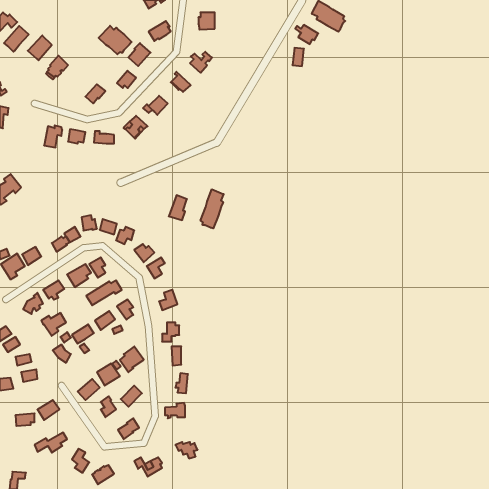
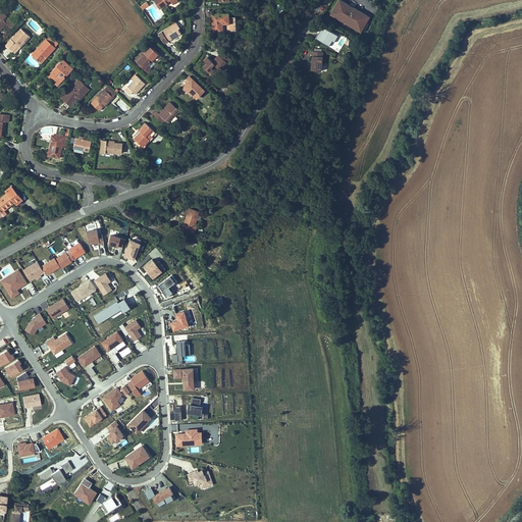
building: [99,26,132,54] -> none
building: none -> [59,80,89,108]
building: [201,189,224,228] -> none

